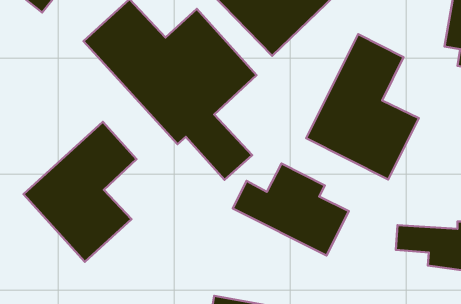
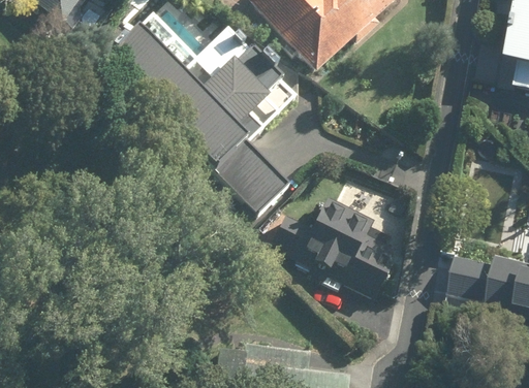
building: [306,34,419,179] -> none
building: [23,122,137,262] -> none

